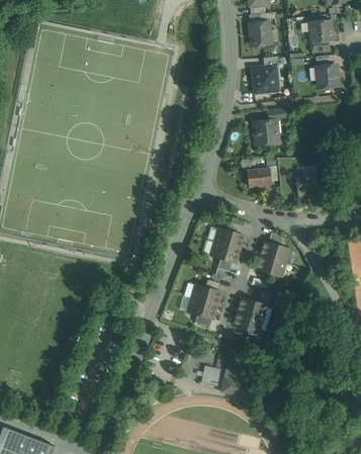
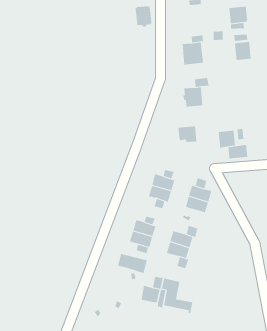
building: [250,21,271,48] -> [135,6,152,27]
building: none -> [228,144,248,159]
building: none -> [118,253,148,274]

